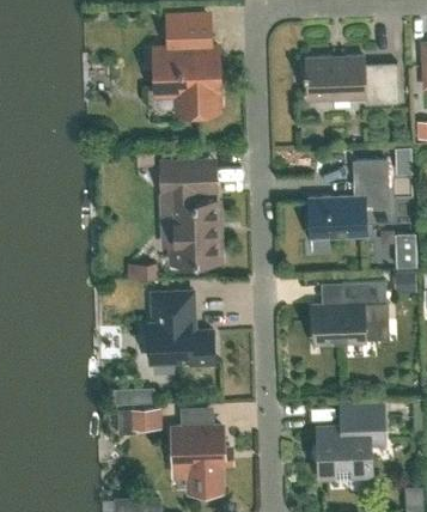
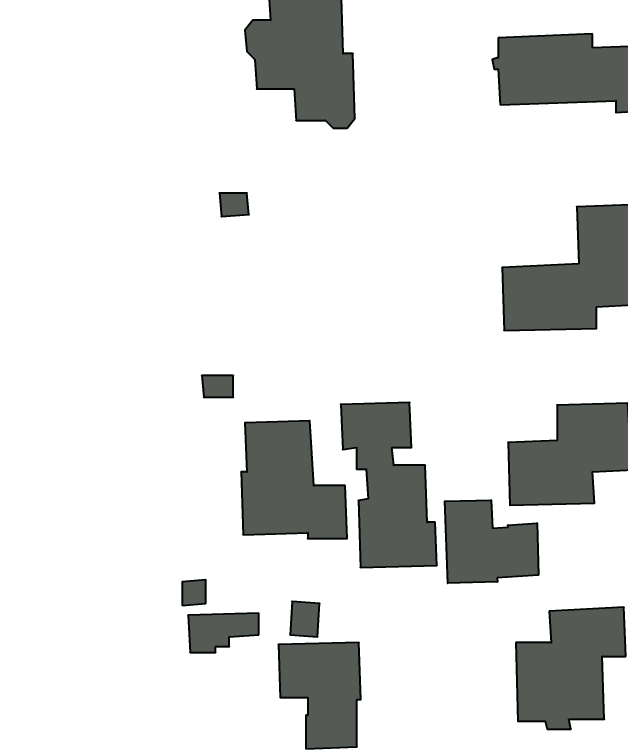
building: [160,163,219,263] -> [341,402,437,567]
building: none -> [445,500,538,583]

